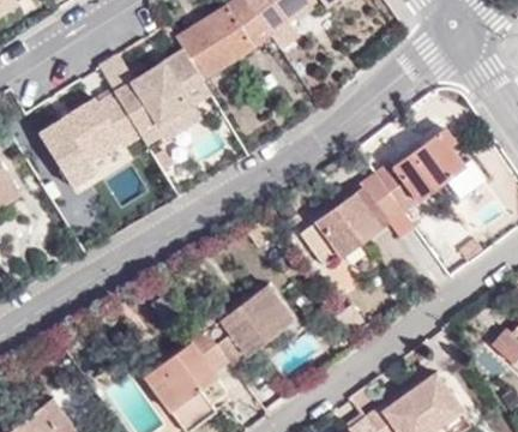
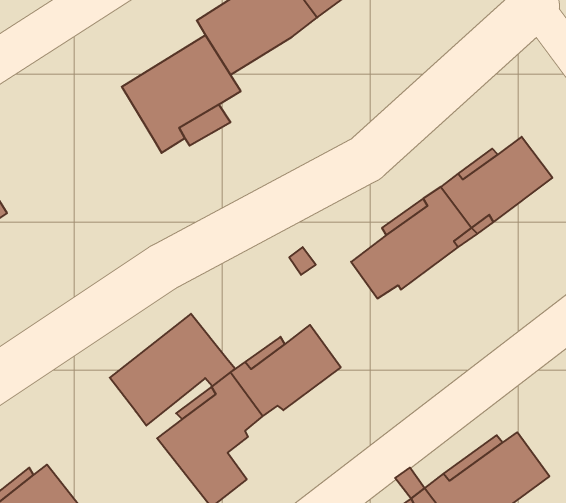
building: [41,91,143,187] -> none
building: none -> [110,314,235,426]

